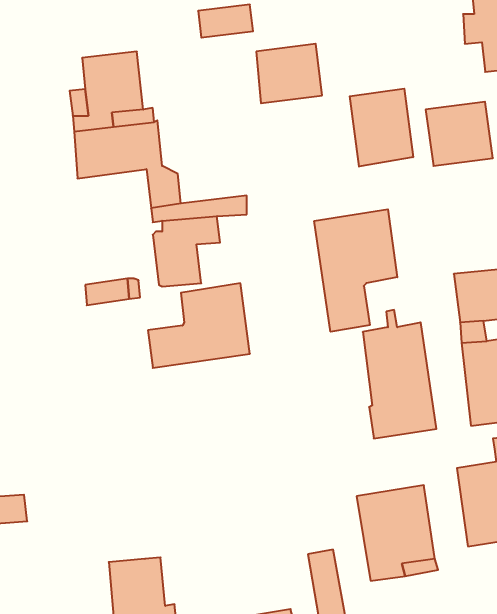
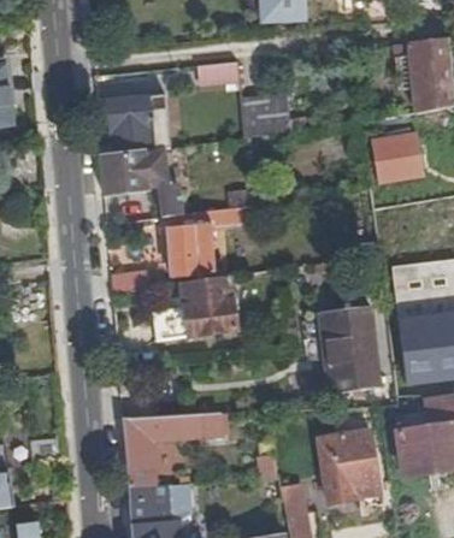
building: [350,89,413,167] -> none
building: [314,209,397,332] -> none
building: none -> [122,413,223,489]

